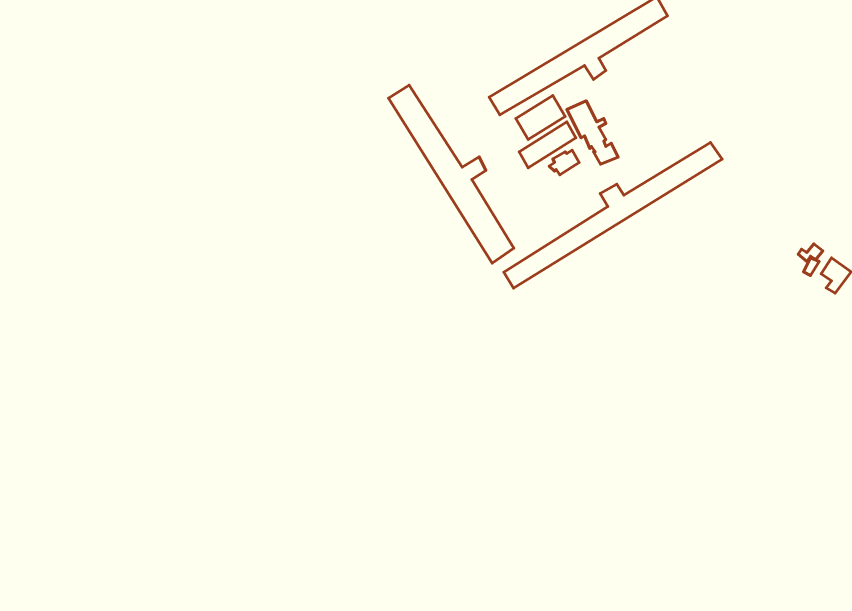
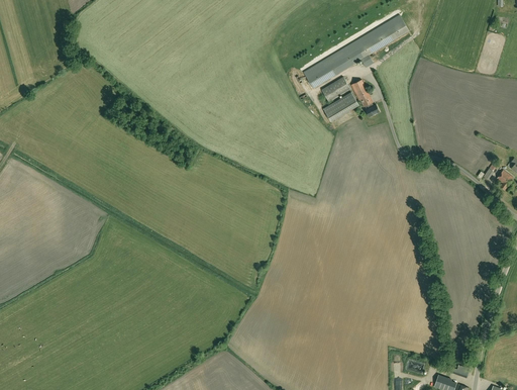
building: [388,85,514,263] -> none
building: [504,142,722,288] -> none

